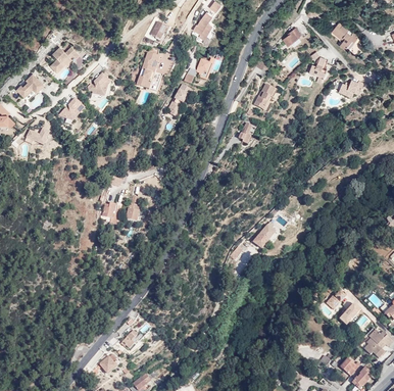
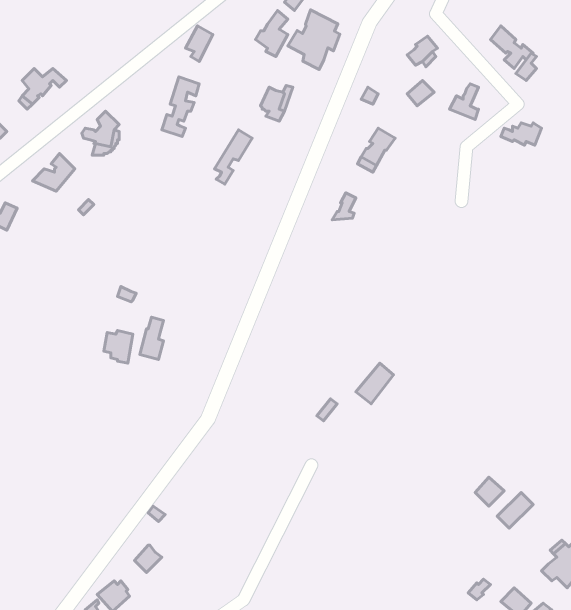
building: none -> [288,10,340,70]

